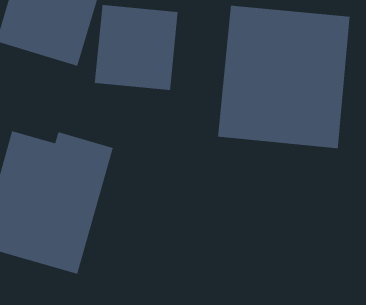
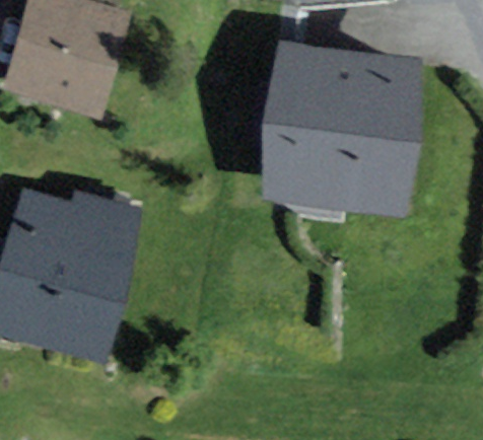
building: [94,4,178,91] -> none

